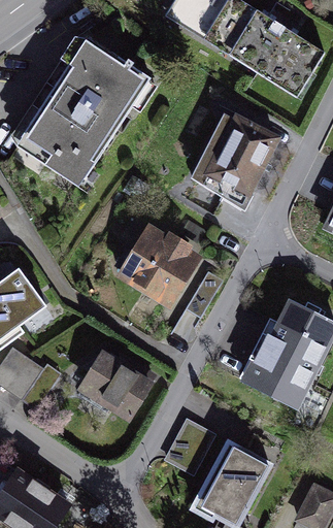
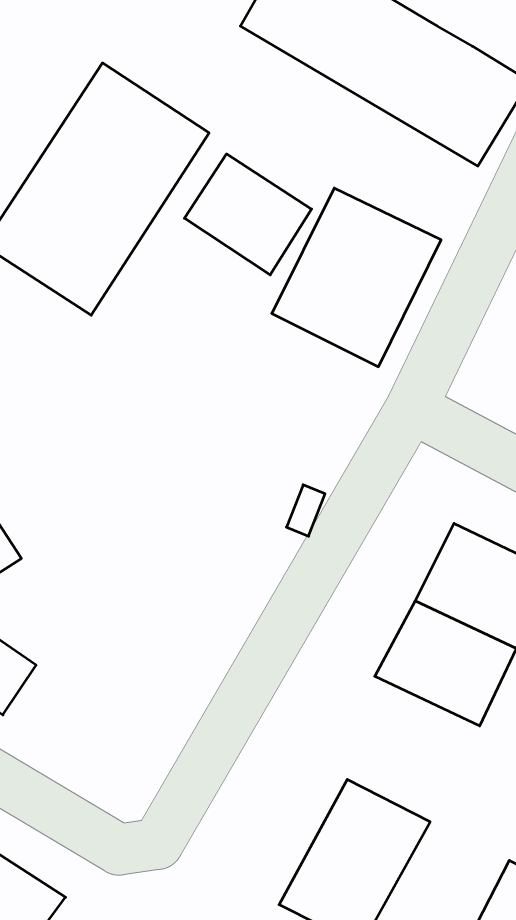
building: none -> [184,154,312,275]
building: [111,222,202,310] -> none
building: [73,342,156,419] -> none
building: [163,417,215,472] -> none

